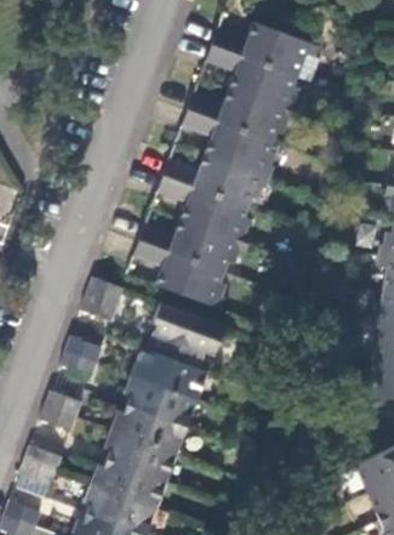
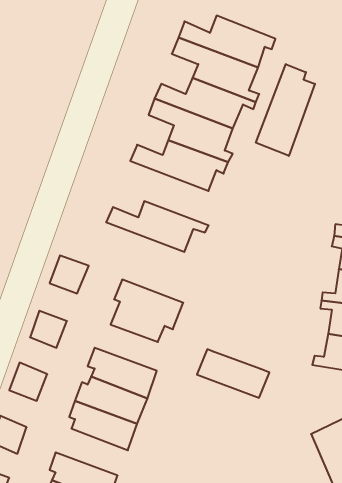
building: none -> [256,64,315,156]
building: [160,180,251,247] -> none
building: [135,244,223,312] -> none
building: [129,349,205,400] -> [197,349,269,398]
building: [87,461,164,511] -> none

